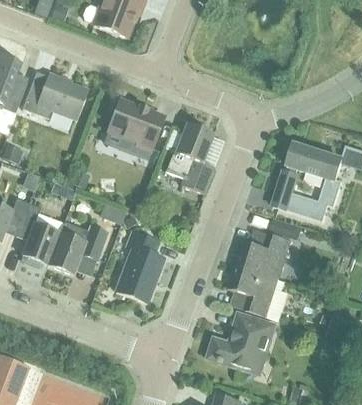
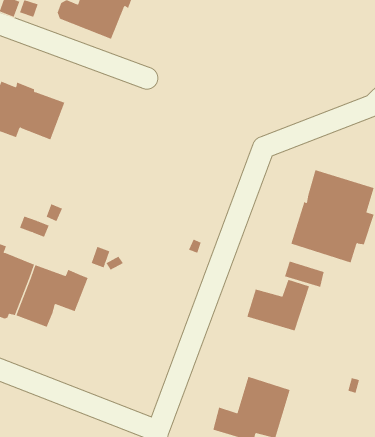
building: [107,99,163,154] -> none
building: [163,123,213,193] -> none
building: [115,231,163,303] -> none
building: [229,265,277,316] -> none

